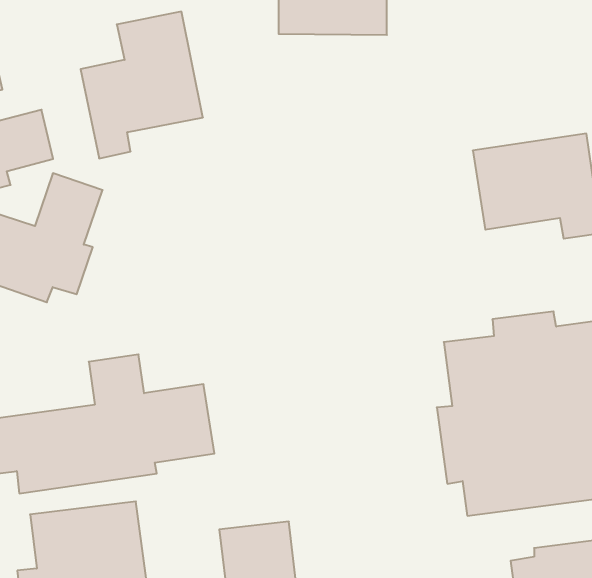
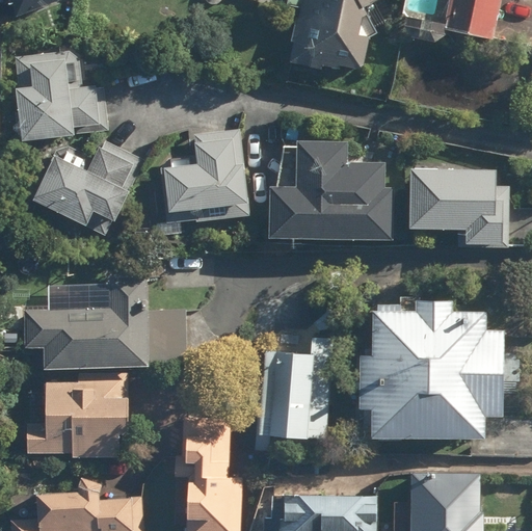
building: [81,12,203,158] -> [161,129,244,225]
building: none -> [263,138,394,242]
building: none -> [254,338,331,440]

